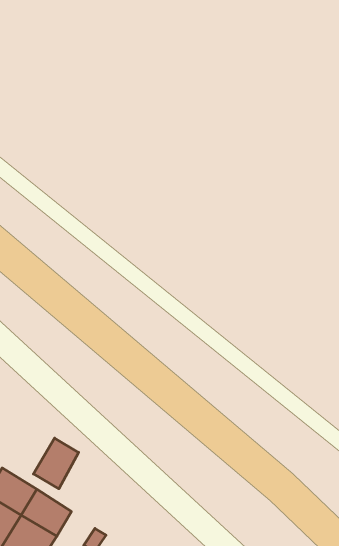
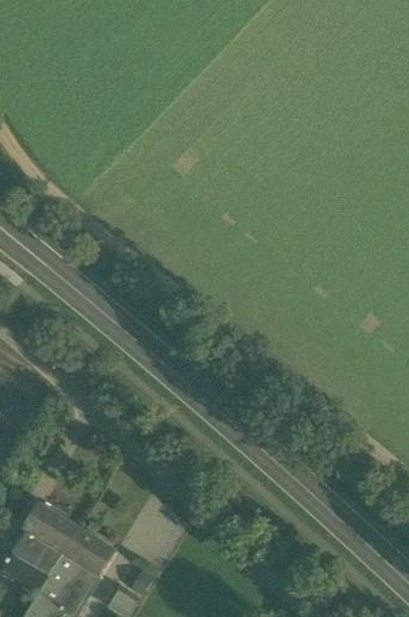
building: [33,438,79,489] -> none

